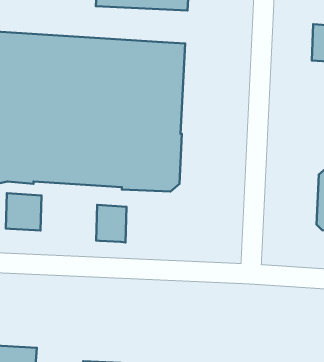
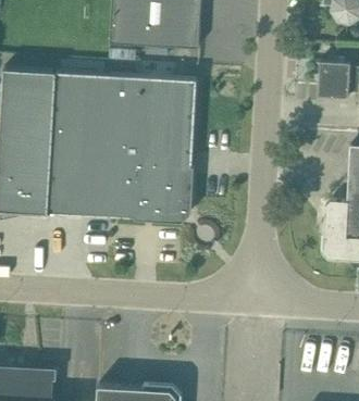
building: [6,193,42,231] -> none
building: [96,205,127,242] -> none

